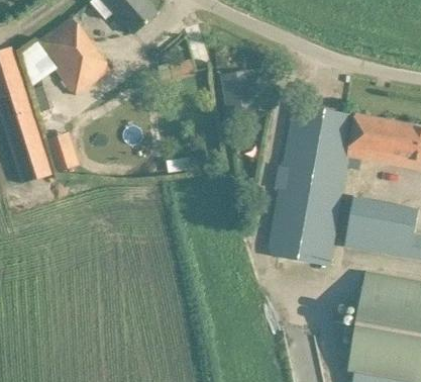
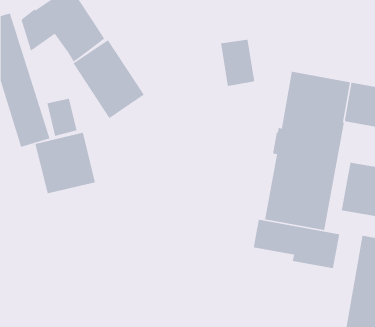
building: none -> [72,39,145,119]
building: none -> [35,132,96,194]
building: none -> [253,219,340,269]

